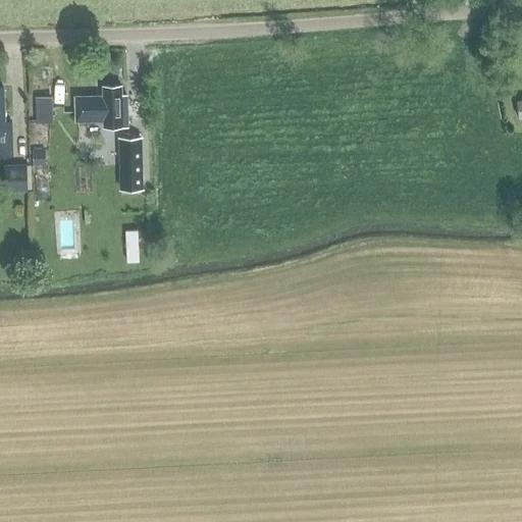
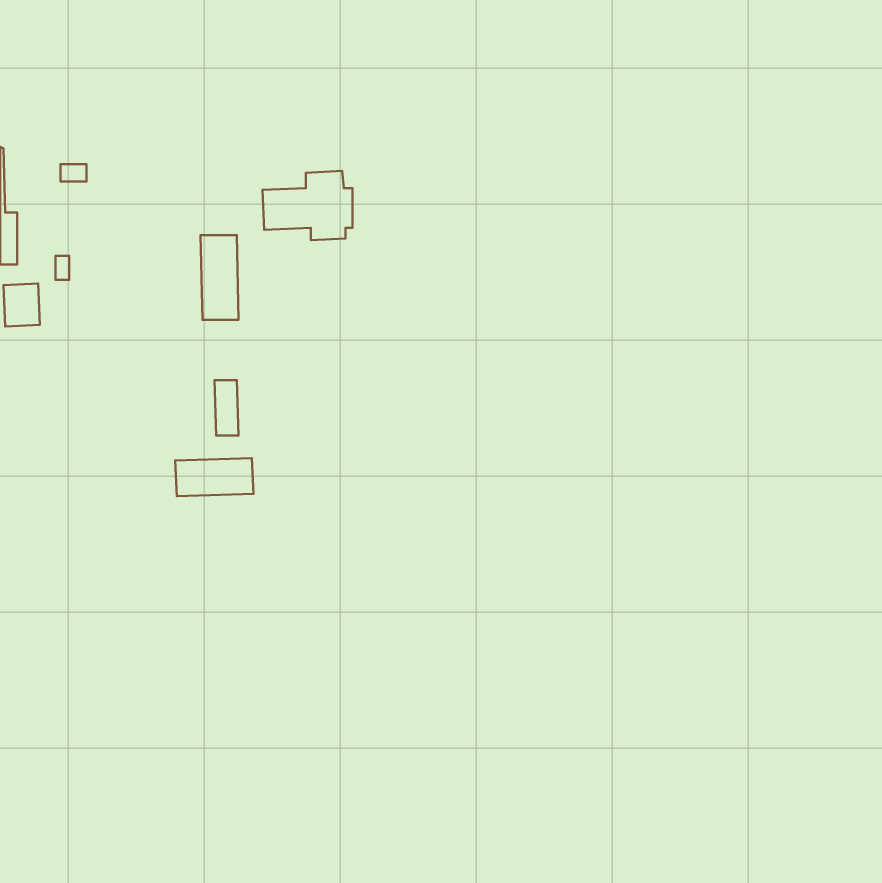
building: [75,87,128,127] -> [263,171,352,240]
building: none -> [175,458,254,496]

